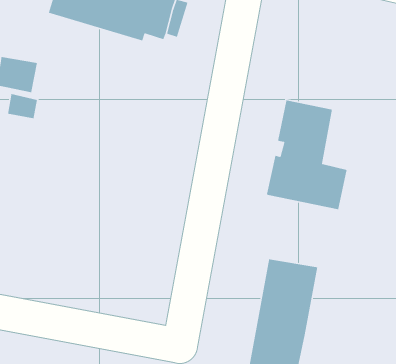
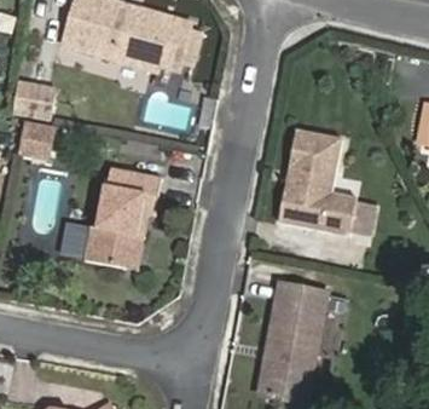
building: none -> [81,166,160,267]

